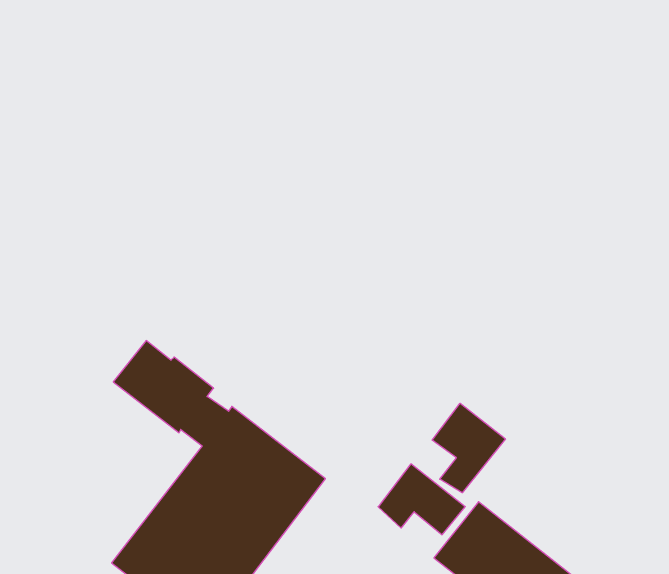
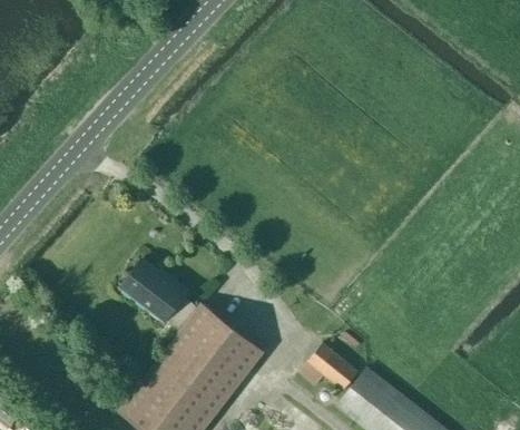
building: [432,403,505,493] -> none

